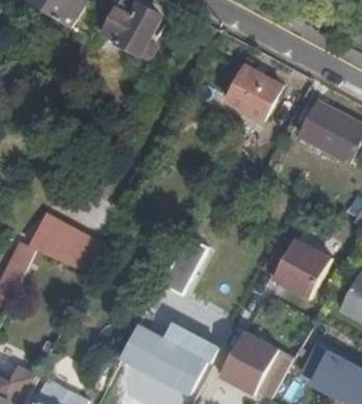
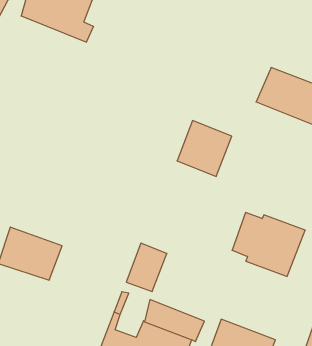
building: [226,66,279,120] -> [177,121,232,176]

